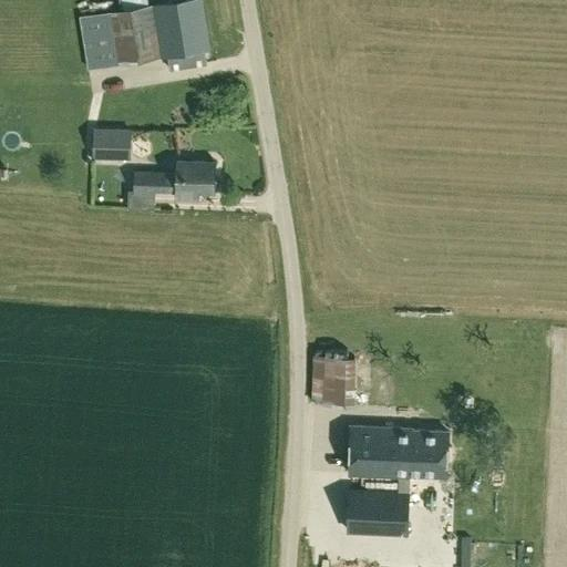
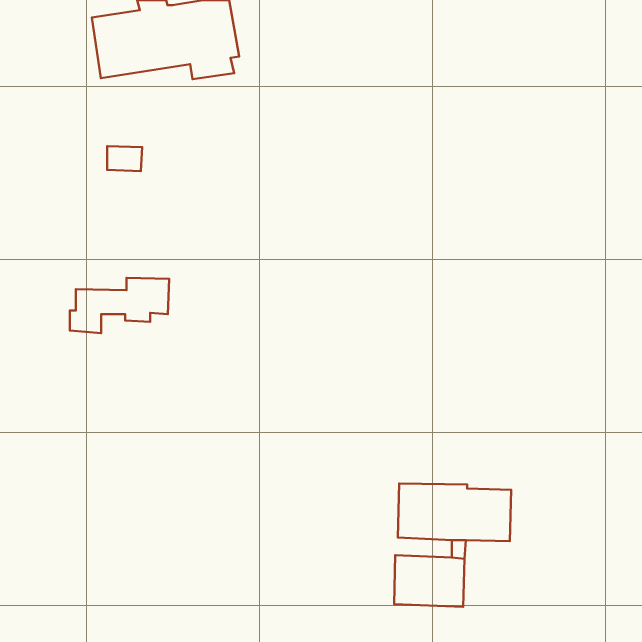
building: [127,162,215,210] -> [70,278,169,333]
building: [310,355,355,408] -> none

